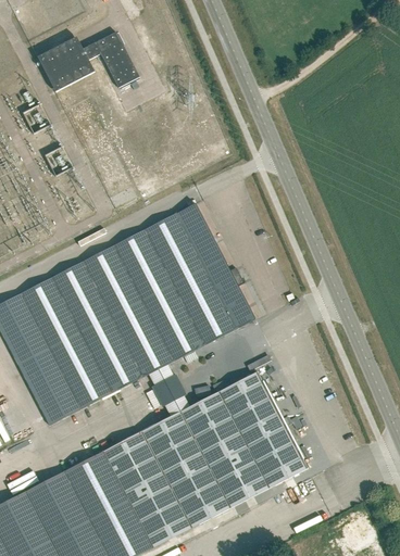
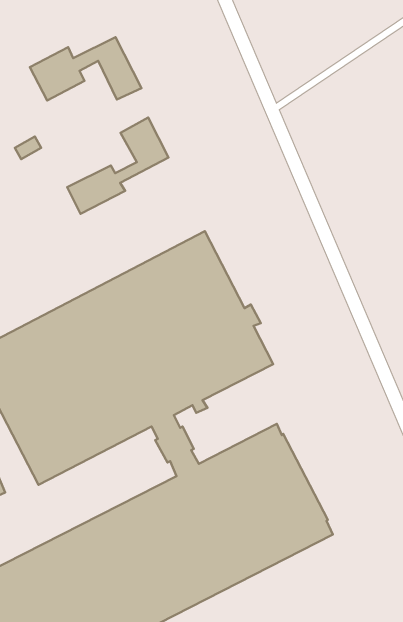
building: none -> [67,117,169,214]

